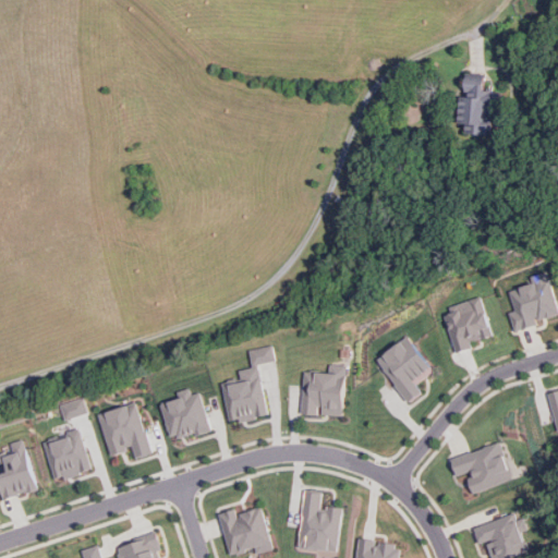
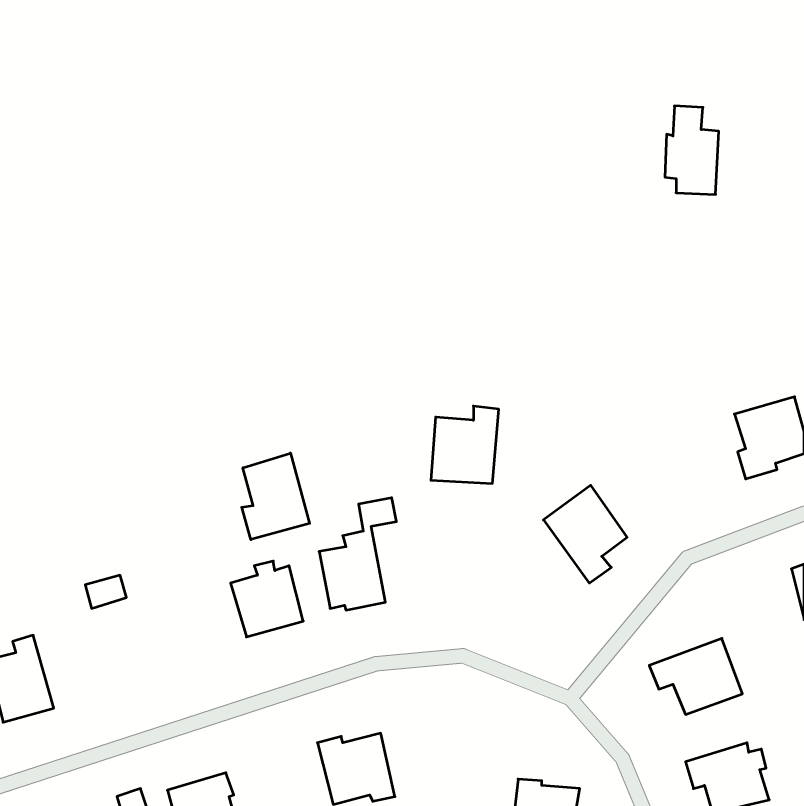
building: [441,298,493,353] -> none
building: none -> [242,453,310,540]
building: [300,364,347,417] -> [431,406,499,483]
building: [97,402,150,458] -> none
building: [41,429,92,482] -> none
building: [299,490,342,551] -> none

